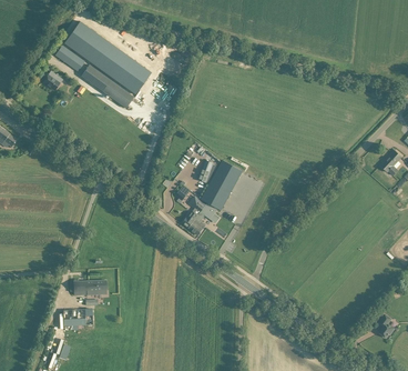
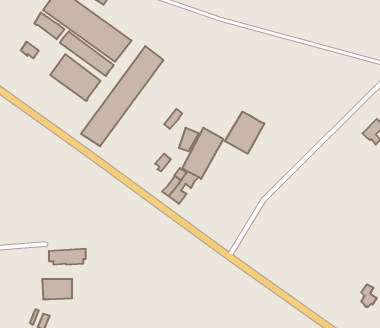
building: none -> [81,46,163,146]
building: none -> [50,54,100,101]
building: none -> [225,112,264,154]

